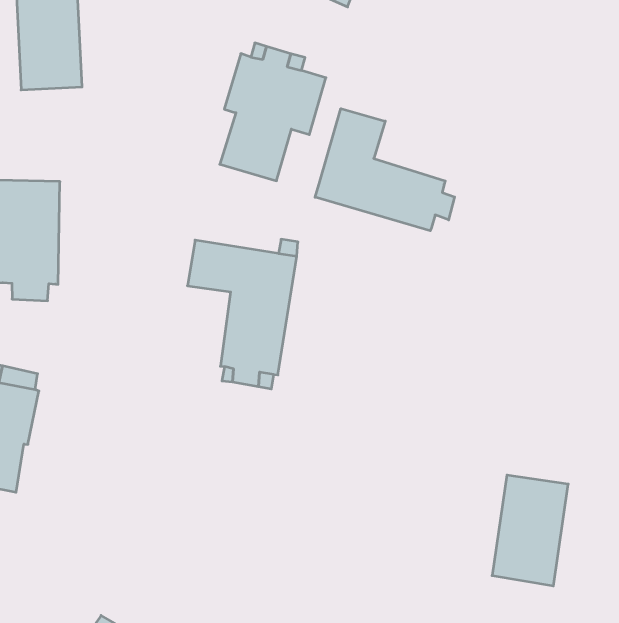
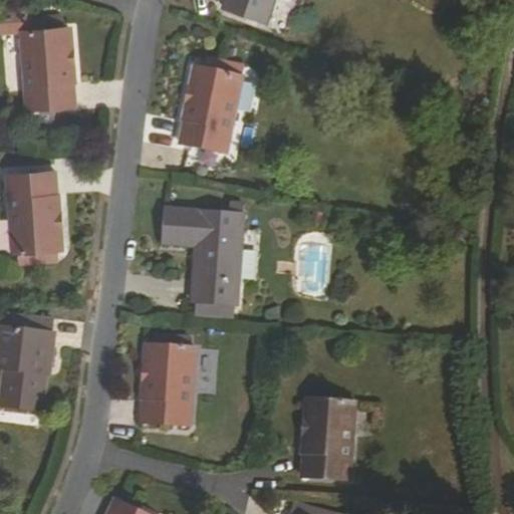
building: [315,109,455,231] -> none
building: none -> [142,345,195,426]
building: [492,475,568,586] -> [302,400,354,481]

